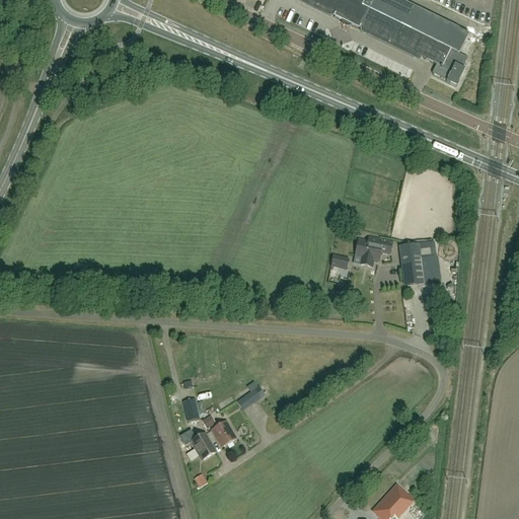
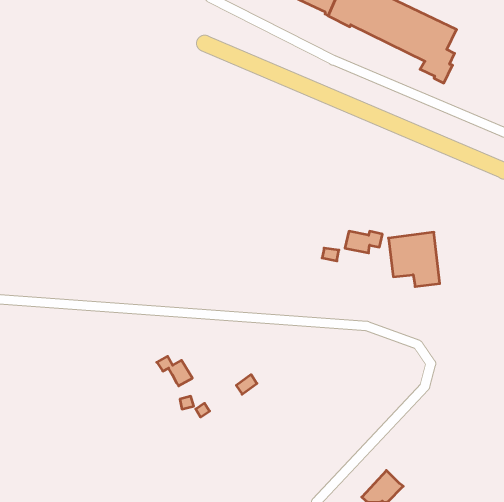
building: [210,419,236,445] -> none
building: [178,428,215,458] -> [157,356,192,386]

